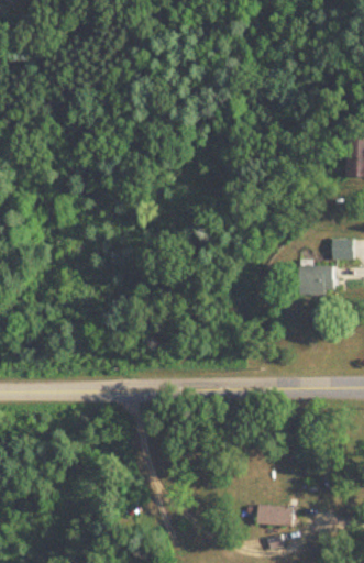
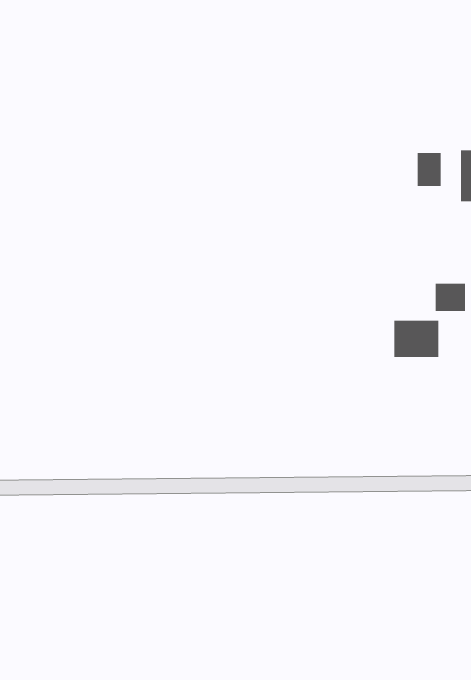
building: none -> [417,152,441,187]
building: [255,505,285,526] -> none

